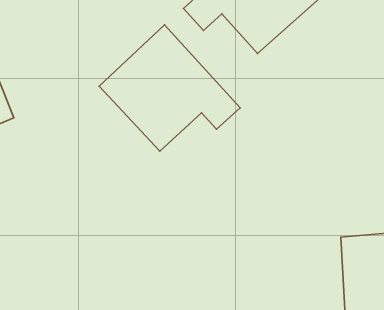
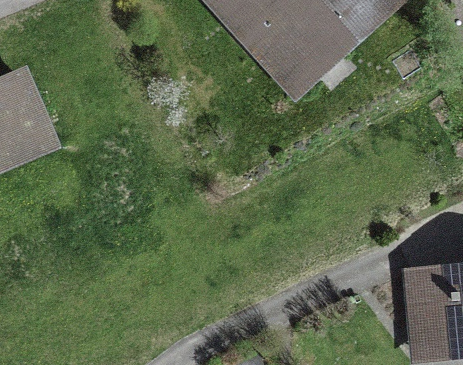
building: [99,25,240,151] -> none

